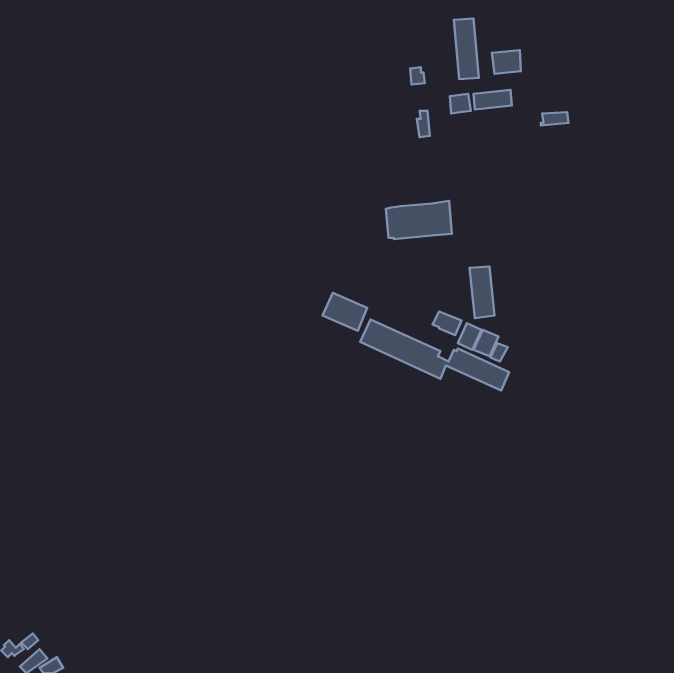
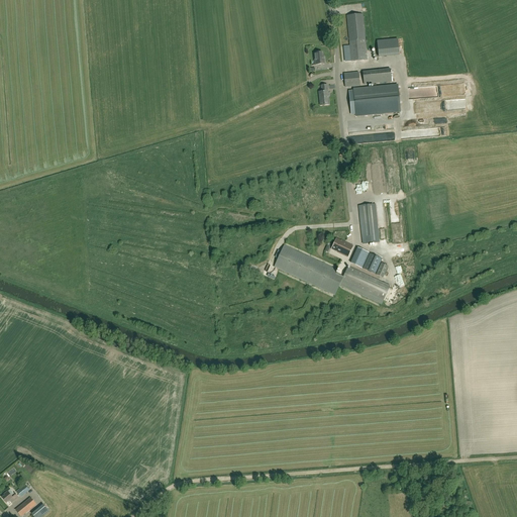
building: [386,201,452,239] -> [349,85,400,114]
building: [323,293,367,331] -> none

